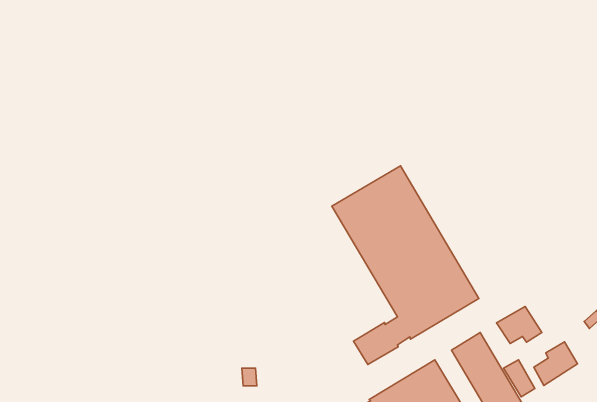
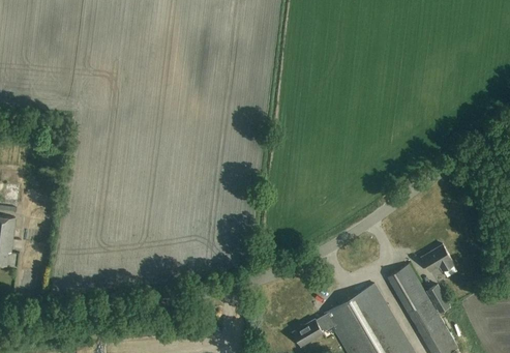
building: [332,166,479,364] -> none
building: [534,342,578,385] -> none

